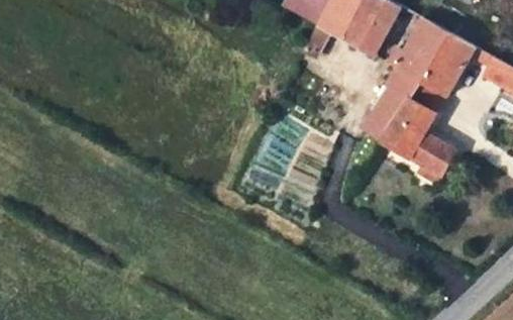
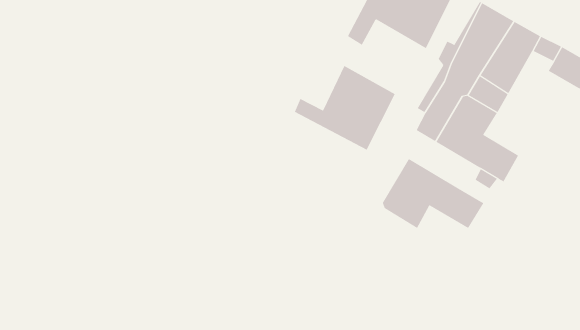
building: none -> [294,65,395,151]
building: none -> [382,158,484,229]

